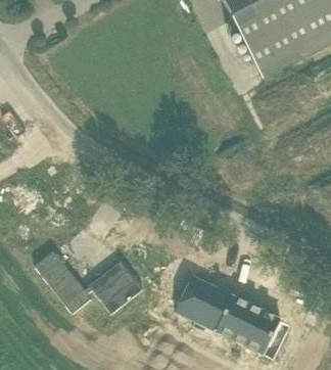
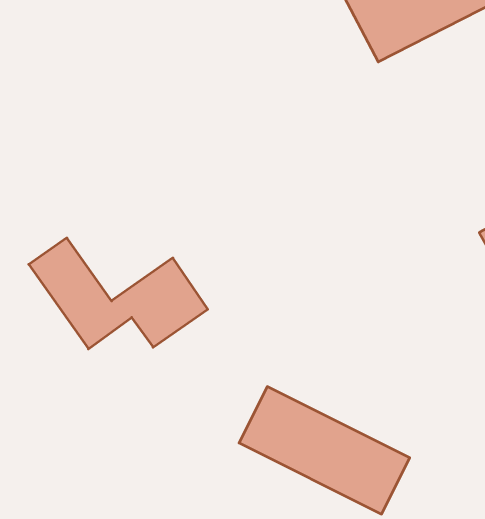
building: [38,248,148,317] -> [29,238,208,349]

